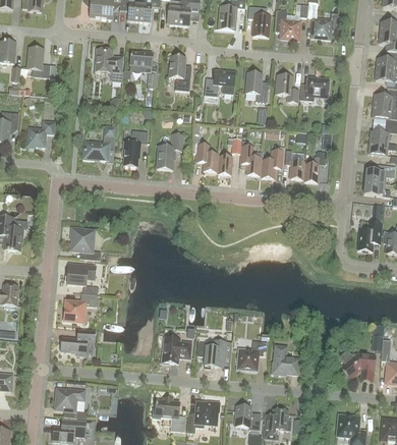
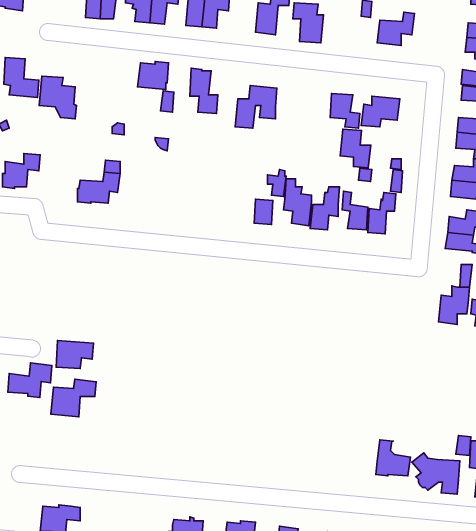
building: [275,8,300,39] -> none
building: [95,48,123,80] -> [39,76,77,119]
building: [245,71,269,101] -> [340,129,371,168]
building: [123,129,148,166] -> none
building: [157,132,183,169] -> none
building: [195,140,218,171] -> none
building: [71,227,101,260] -> none
building: [61,328,95,354] -> [8,363,52,397]
building: [162,336,191,363] -> none
building: [196,339,226,368] -> none
building: [237,340,267,370] -> none
building: [273,345,299,373] -> [376,440,411,476]

